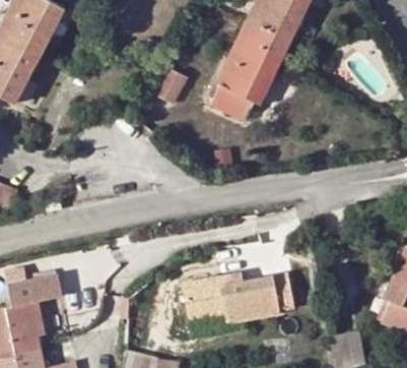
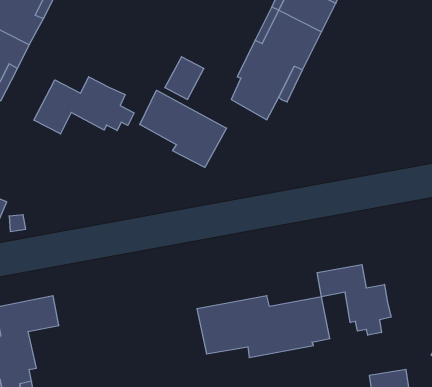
building: none -> [34,77,134,134]
building: none -> [140,90,227,167]
building: none -> [317,265,391,335]

